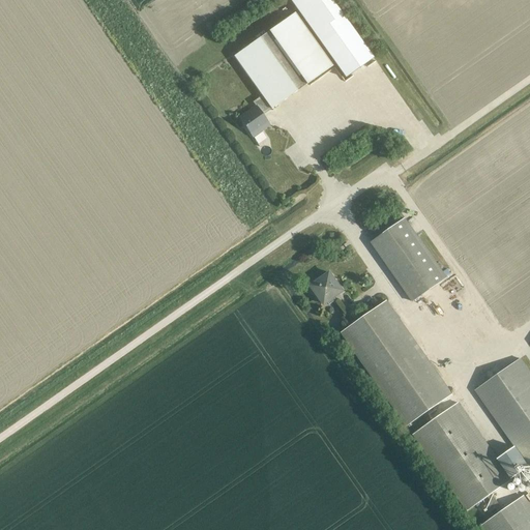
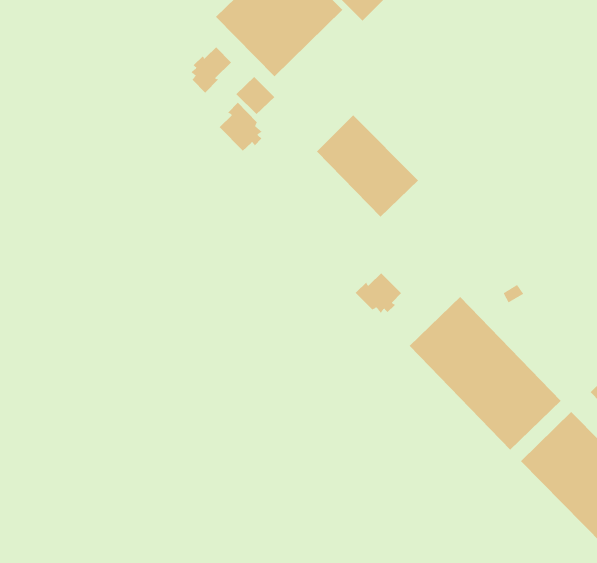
building: none -> [190,46,232,93]
building: none -> [219,102,263,151]
building: [372,218,447,301] -> [316,115,419,218]

